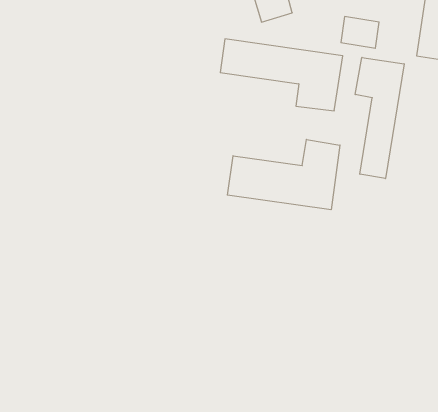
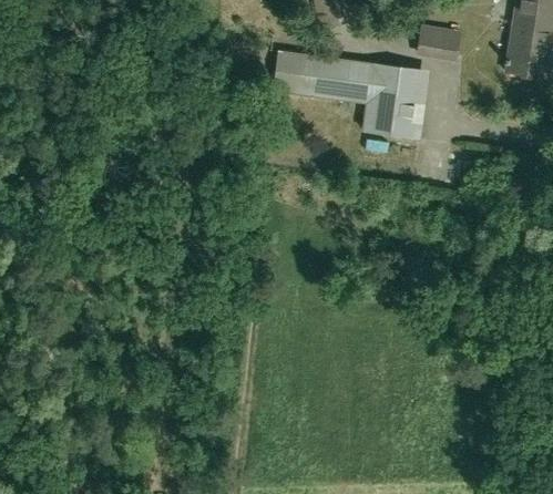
building: [355,57,404,179] -> none
building: [227,139,340,210] -> none

